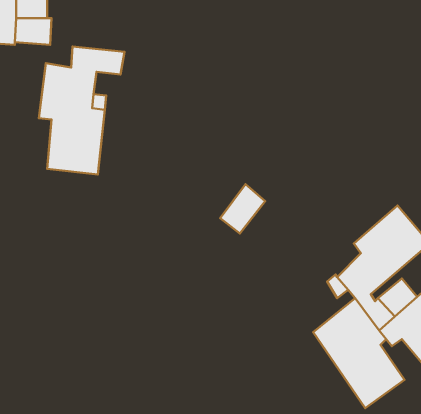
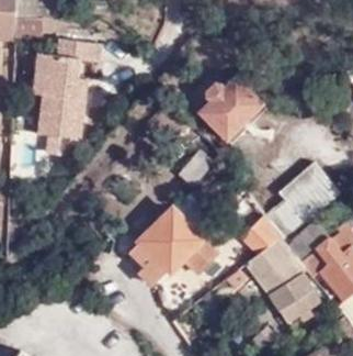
building: none -> [200,71,260,141]
building: none -> [130,210,215,285]

